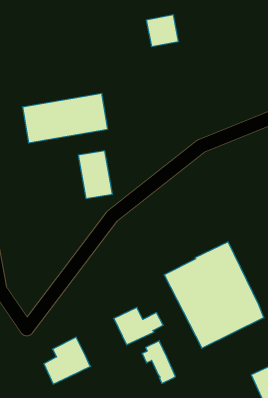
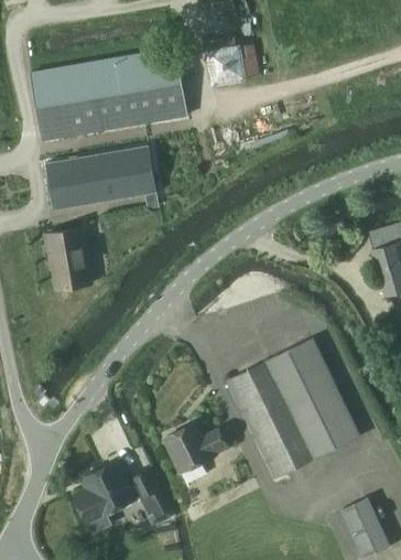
building: none -> [32,49,187,140]
building: [78,151,112,199] -> [47,228,91,290]
building: [142,341,175,383] -> [127,469,170,524]

